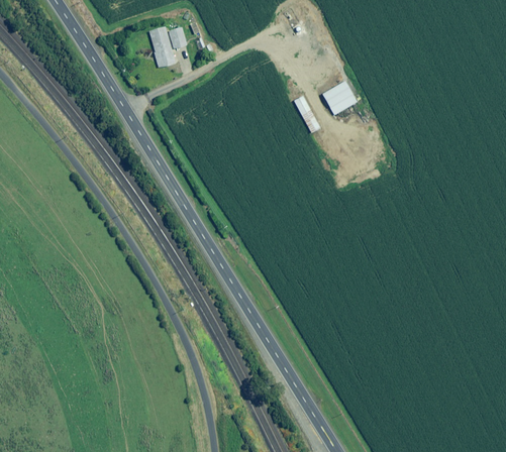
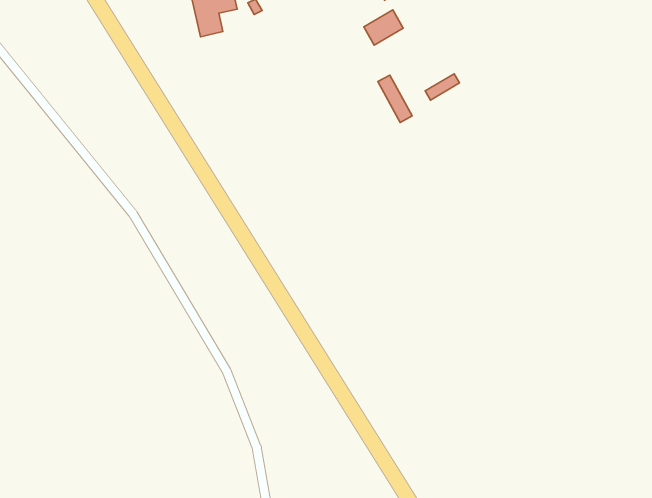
building: [322,81,352,108] -> [364,10,403,45]

